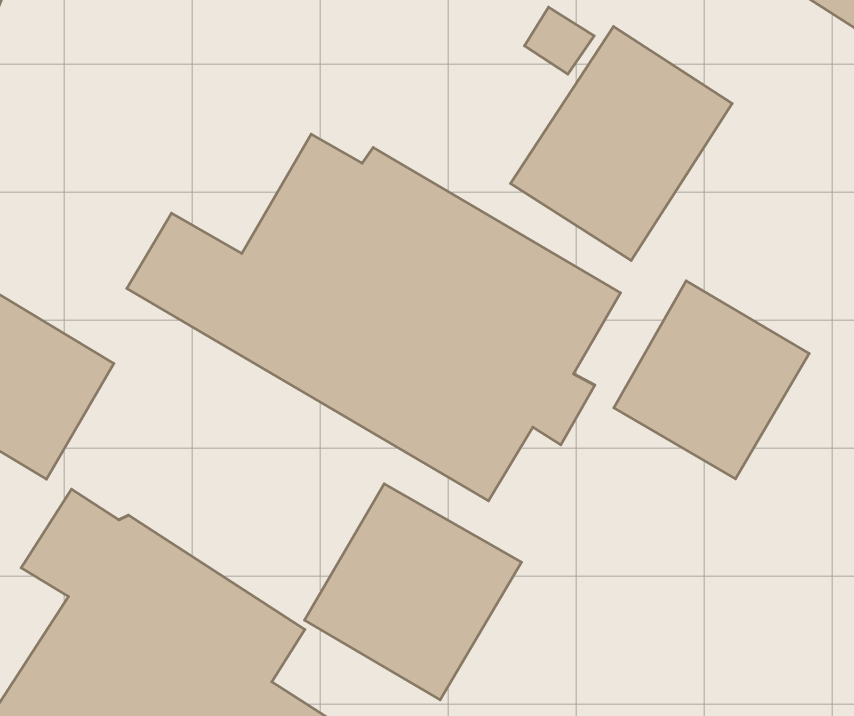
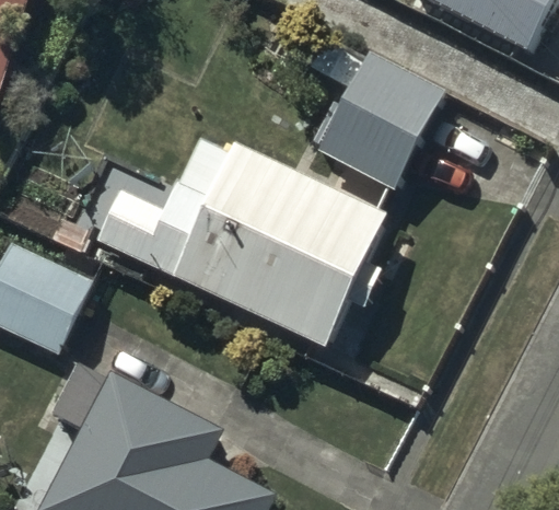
building: [614,281,809,479] -> none
building: [305,484,521,700] -> none

